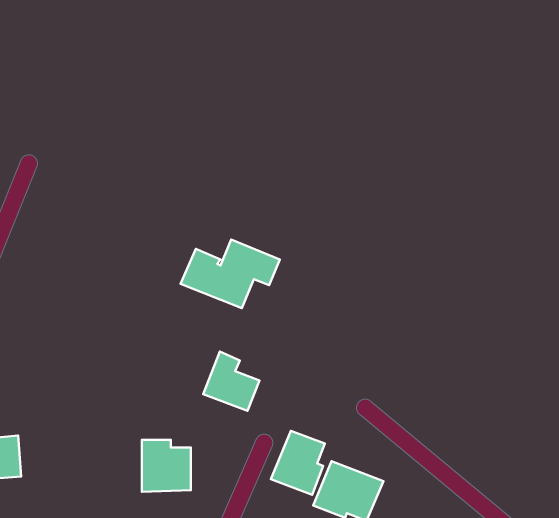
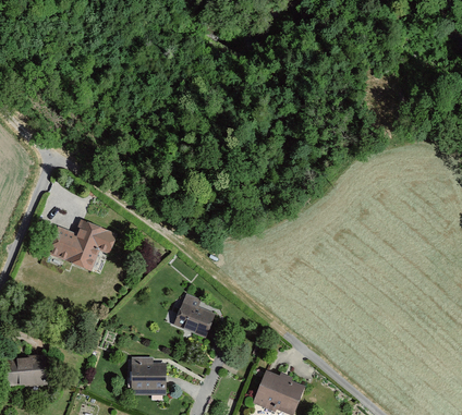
building: [181,240,280,308] -> [45,220,115,269]
building: [271,431,325,495] -> none

